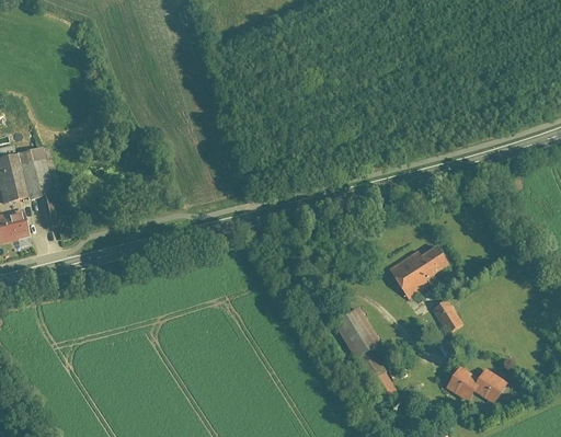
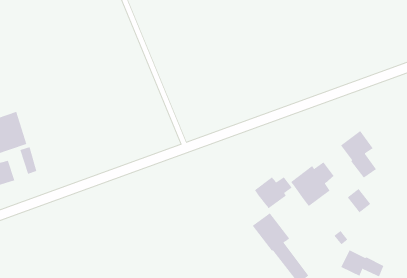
building: none -> [340,130,377,178]
building: none -> [254,176,292,209]
building: [430,300,460,333] -> [347,188,371,213]

